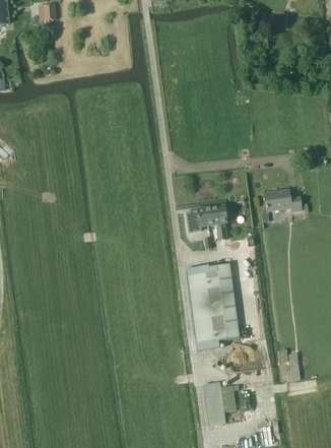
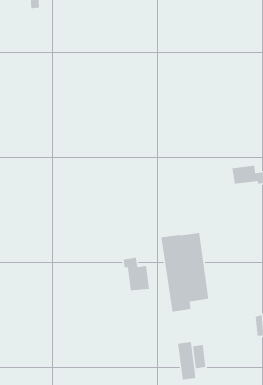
building: [186,204,226,239] -> none
building: none -> [123,257,150,291]

